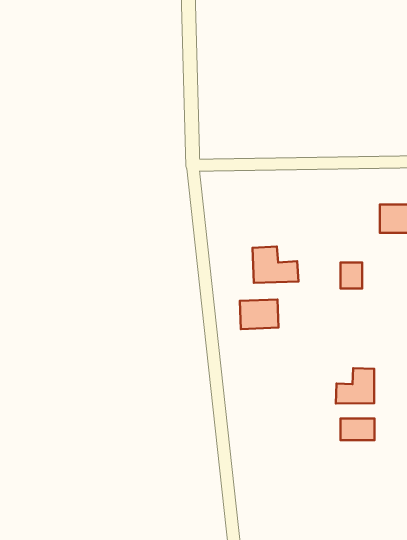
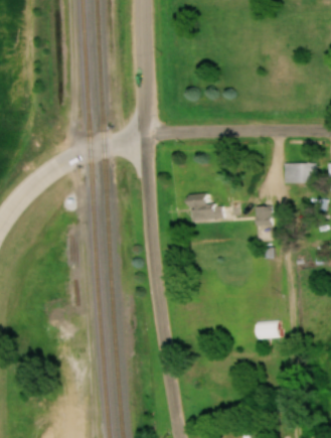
building: [240,299,278,329] -> none
building: [336,368,374,404] -> none

